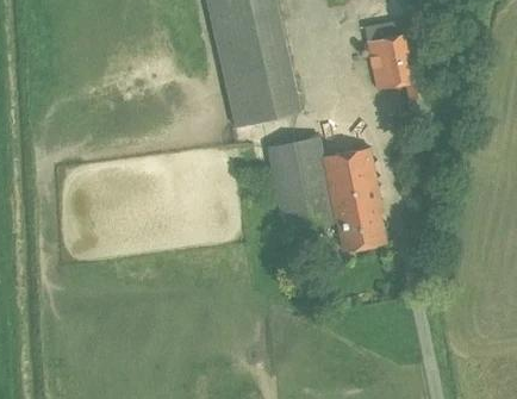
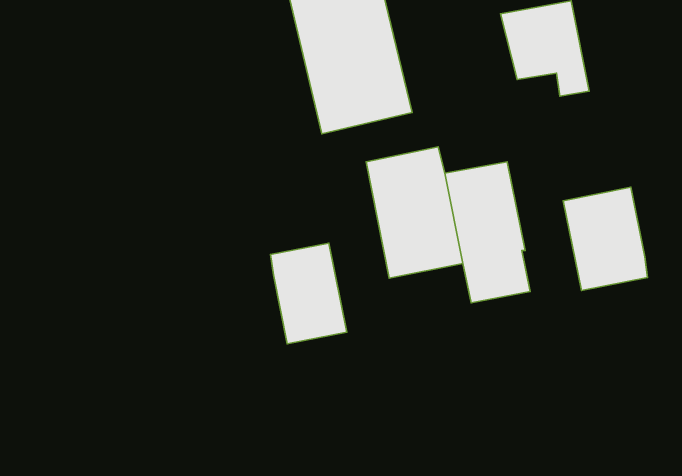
building: none -> [563,187,648,291]
building: none -> [270,243,347,344]

